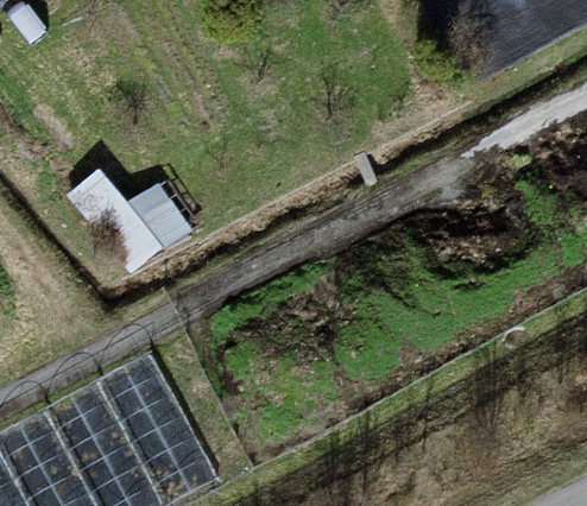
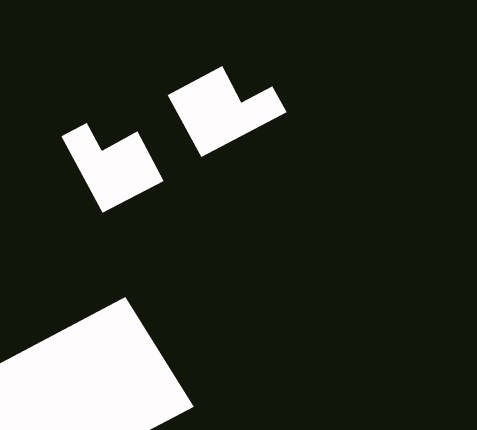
building: none -> [167,65,287,158]

